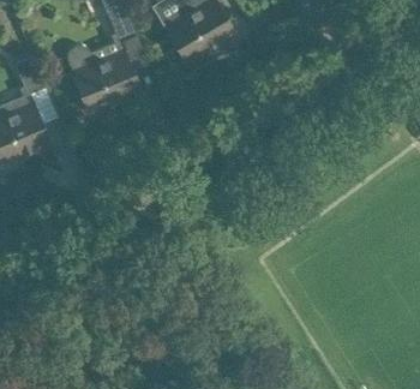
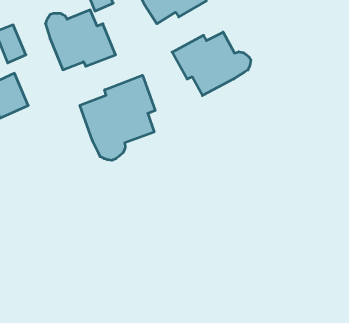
building: none -> [172,32,251,96]
building: none -> [80,75,155,160]

